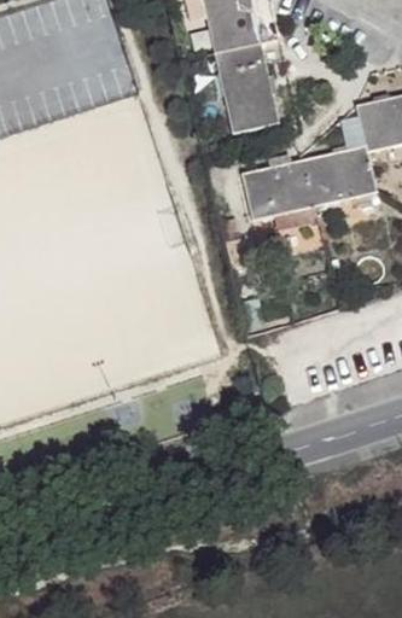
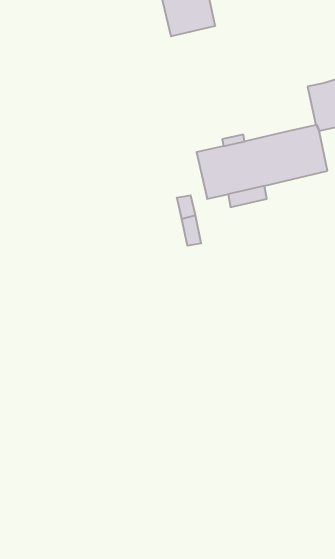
building: [215,41,279,132] -> none

